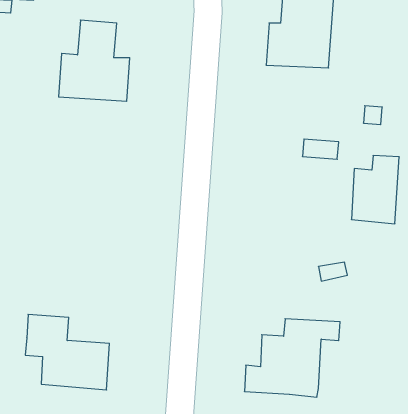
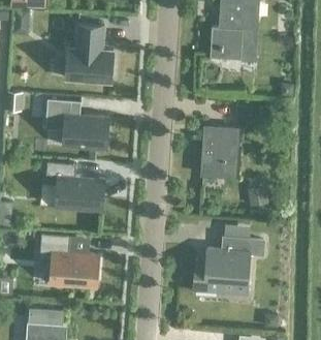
building: none -> [43,99,108,149]
building: [351,156,399,224] -> [202,127,236,176]
building: none -> [45,160,104,210]

